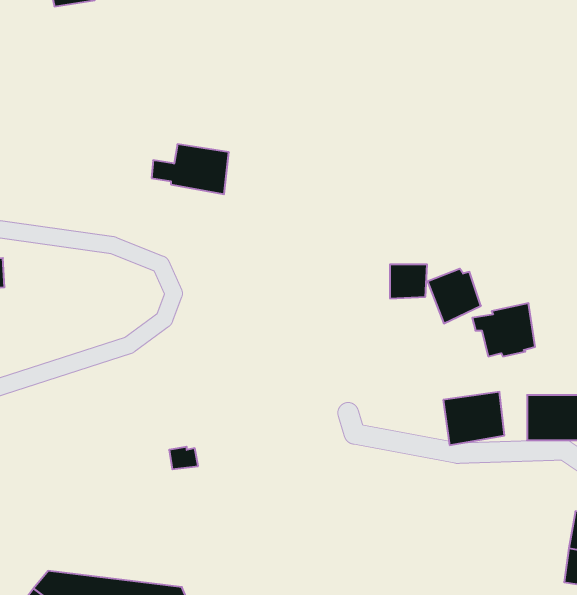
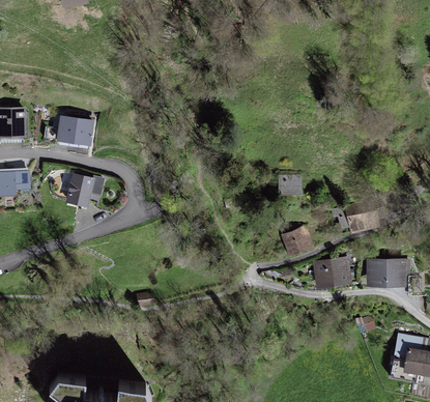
building: [152,144,229,194] -> [45,116,94,148]
building: none -> [66,173,105,209]
building: [428,269,481,323] -> [280,223,314,258]

